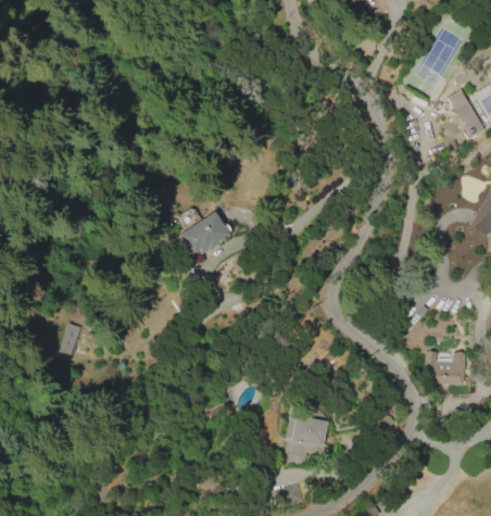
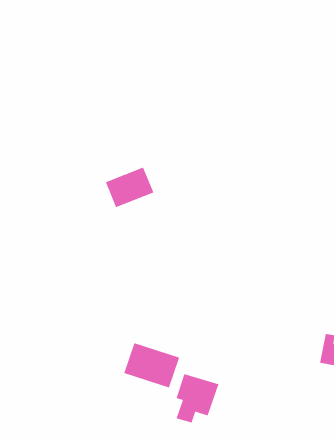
building: none -> [123,342,180,389]

